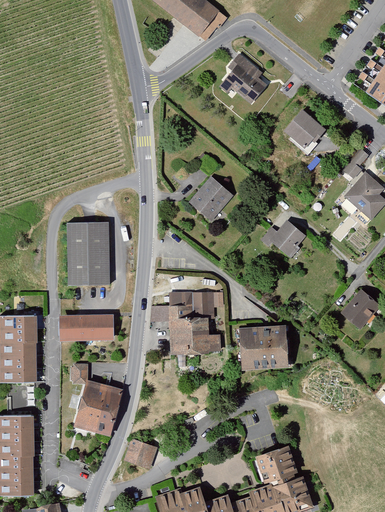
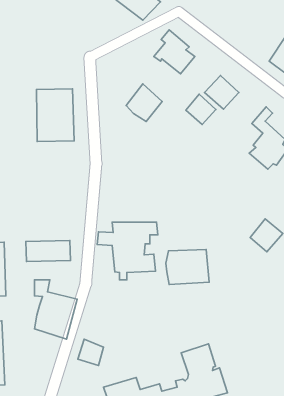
building: none -> [186,94,216,125]
building: [188,174,233,221] -> [126,84,162,122]
building: [261,220,307,260] -> none
building: [65,221,112,287] -> [36,89,74,142]

